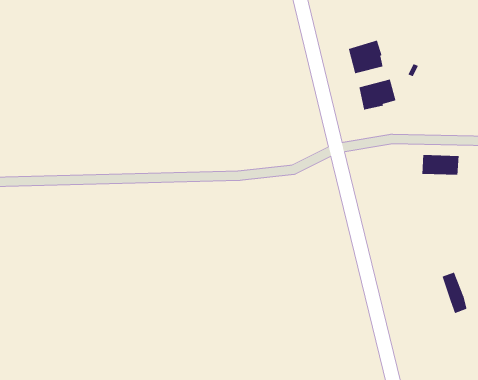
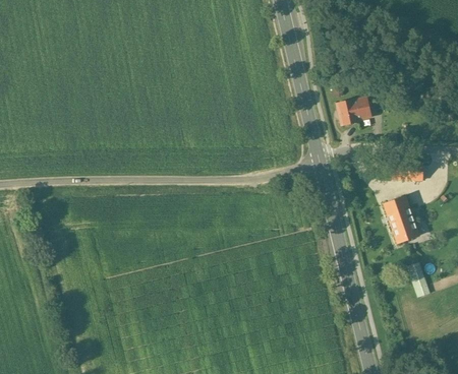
building: [348,40,384,74] -> none
building: none -> [384,197,418,244]

